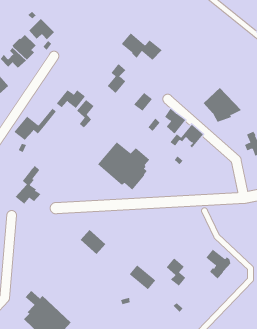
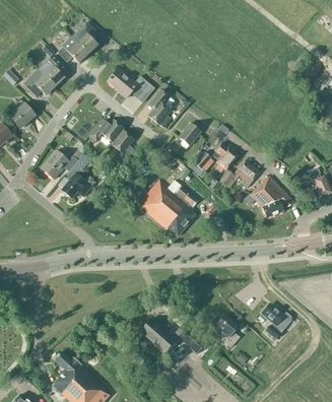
building: none -> [71,23,98,54]
building: [121,32,162,61] -> [107,68,154,100]
building: [203,87,242,122] -> [250,177,294,217]
building: [15,165,41,205] -> [60,153,90,199]
building: [80,229,106,255] -> [139,319,170,348]

